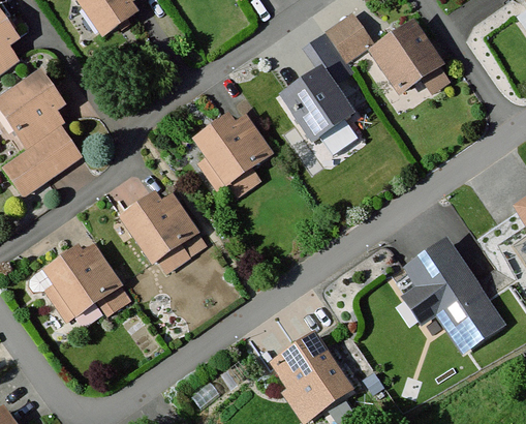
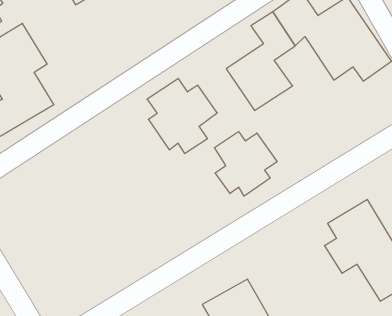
building: [107,169,211,280] -> none
building: none -> [214,132,277,196]
building: [43,239,136,319] -> none

